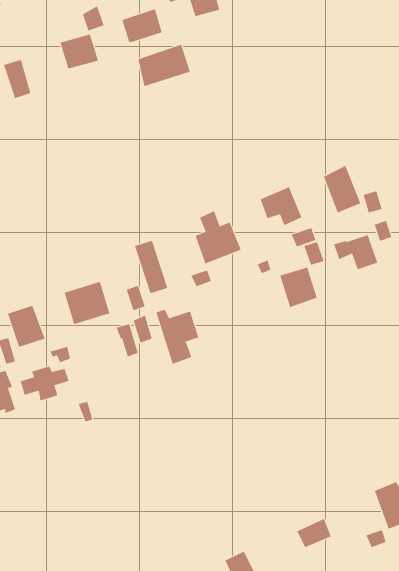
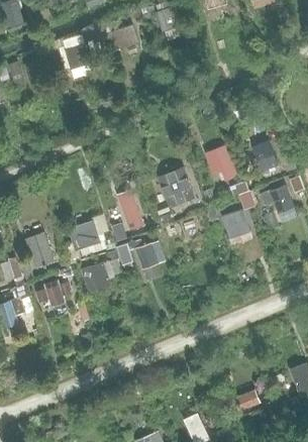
building: [138,44,190,87] -> none
building: none -> [81,261,111,292]

